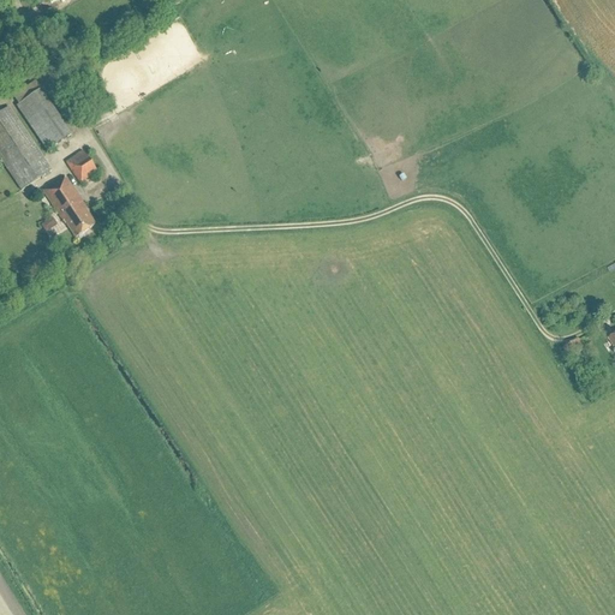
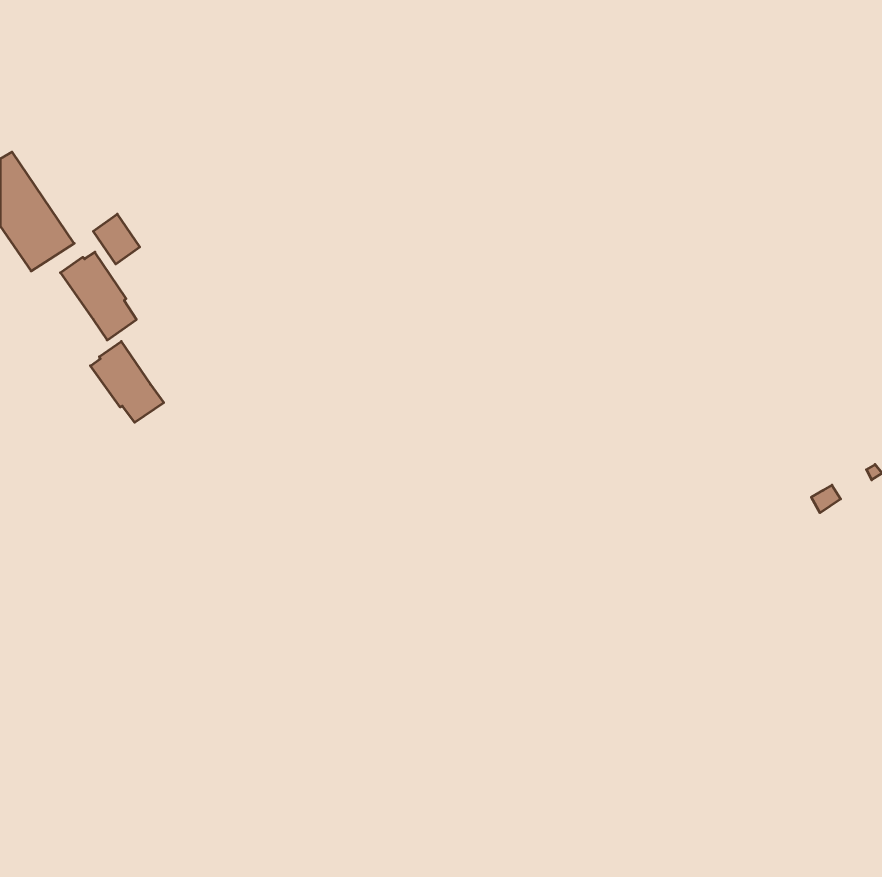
building: [13,82,72,149] -> none
building: none -> [90,341,164,422]

